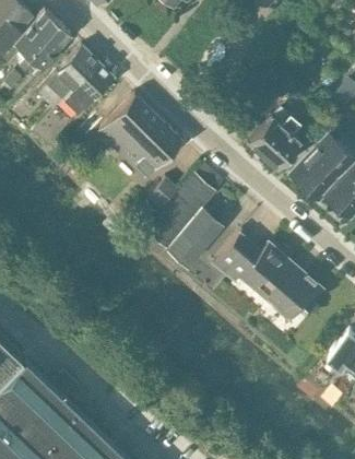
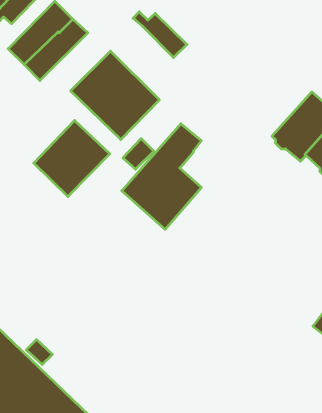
building: none -> [133,12,187,58]
building: [247,115,301,170] -> none
building: none -> [34,120,110,197]
building: [213,233,322,318] -> none

